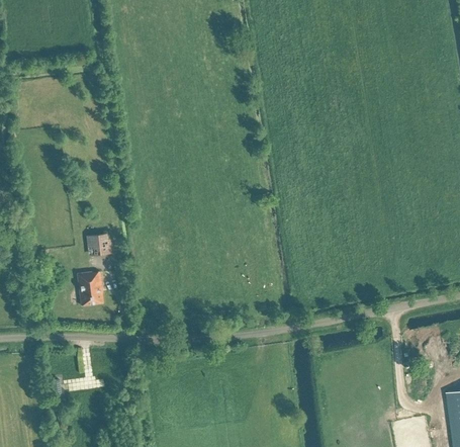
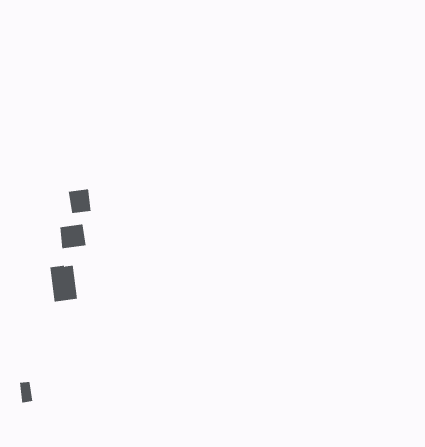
building: none -> [68,188,91,214]

